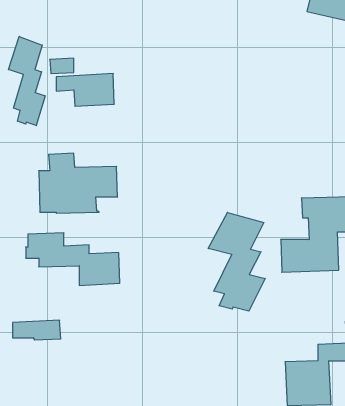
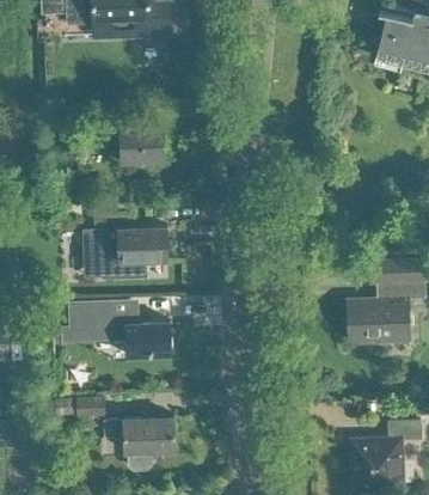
building: [9,36,45,126] -> none
building: [208,212,265,311] -> none
building: none -> [104,417,174,471]

